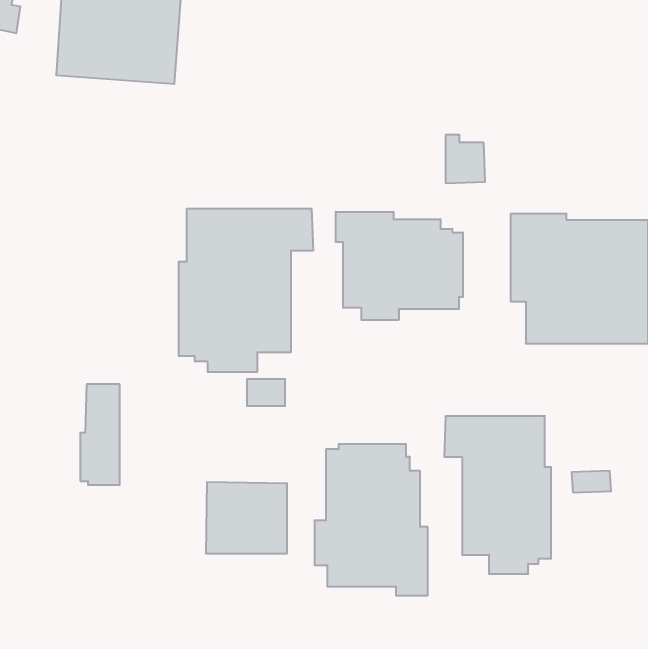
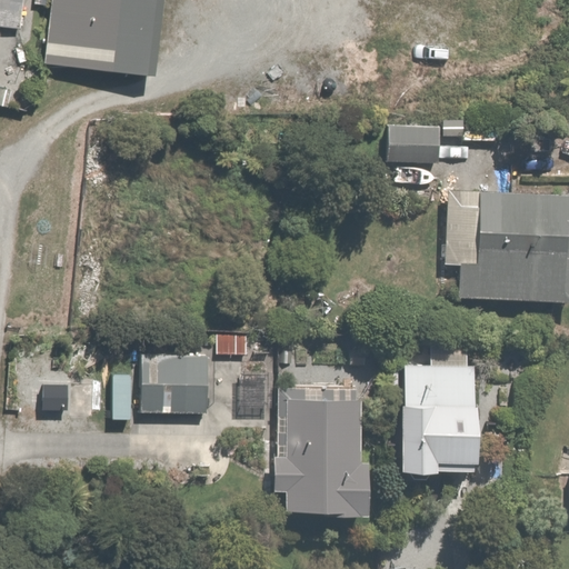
building: [179,209,313,372] -> none
building: [336,212,463,320] -> none
building: [206,482,287,553] -> [139,350,210,412]

